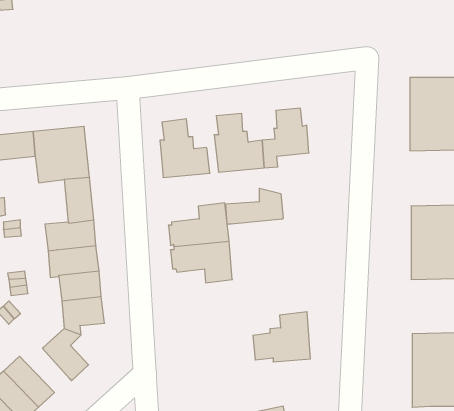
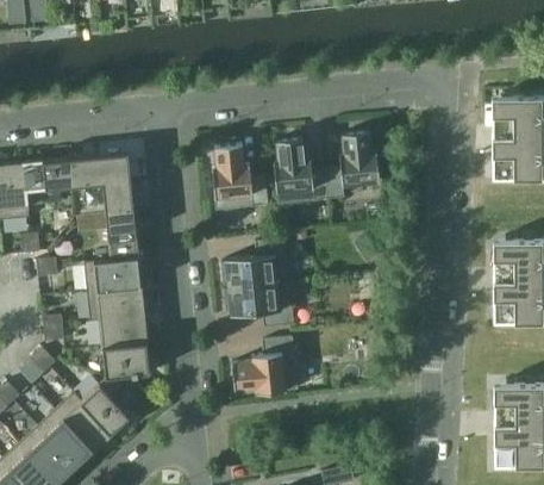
building: [226,188,283,224] -> none
building: [253,312,310,362] -> [232,337,296,393]
building: none -> [55,392,111,450]

